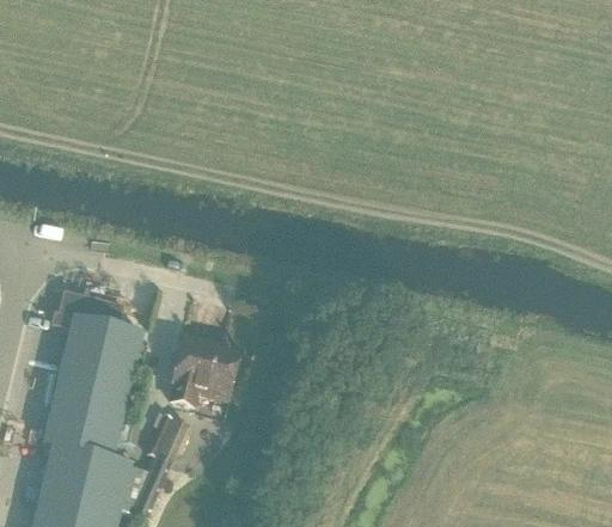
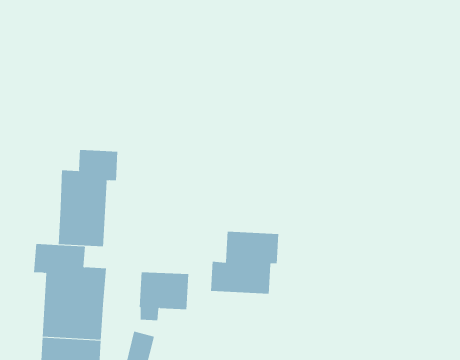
building: none -> [58,149,118,247]
building: none -> [211,231,279,295]

